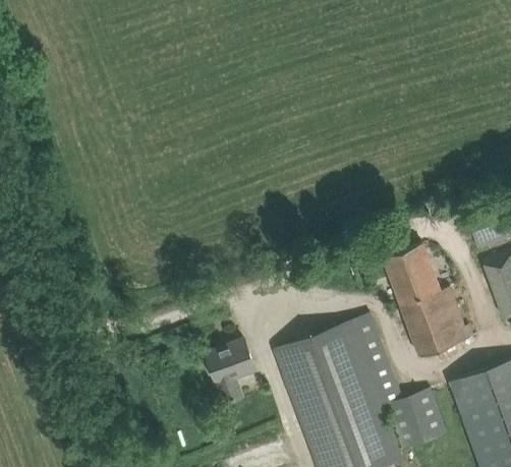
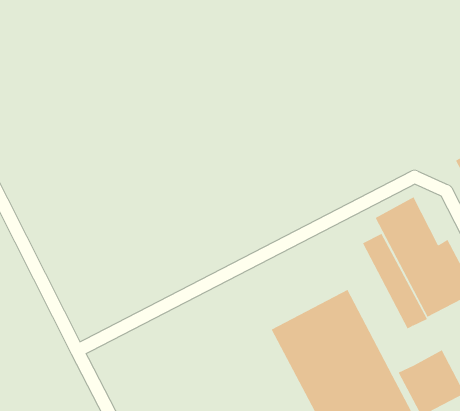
building: [350,315,402,408] -> [362,233,428,329]
building: [206,341,256,405] -> none

